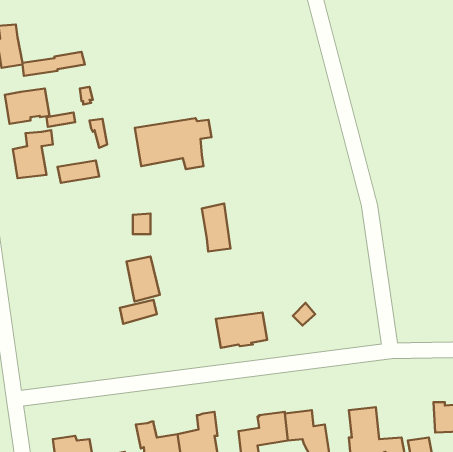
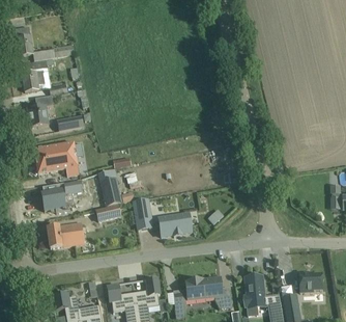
building: [135,118,212,169] -> [34,142,84,176]
building: [202,204,231,252] -> [134,197,152,229]
building: none -> [41,180,81,212]
building: none -> [48,222,84,248]

